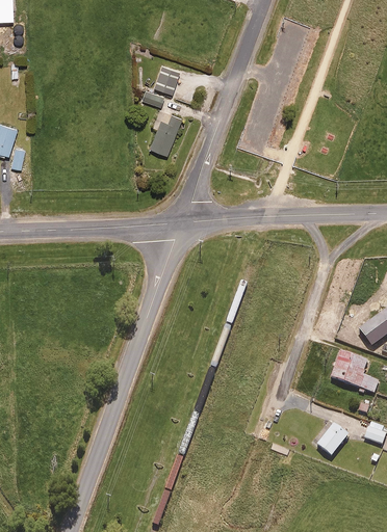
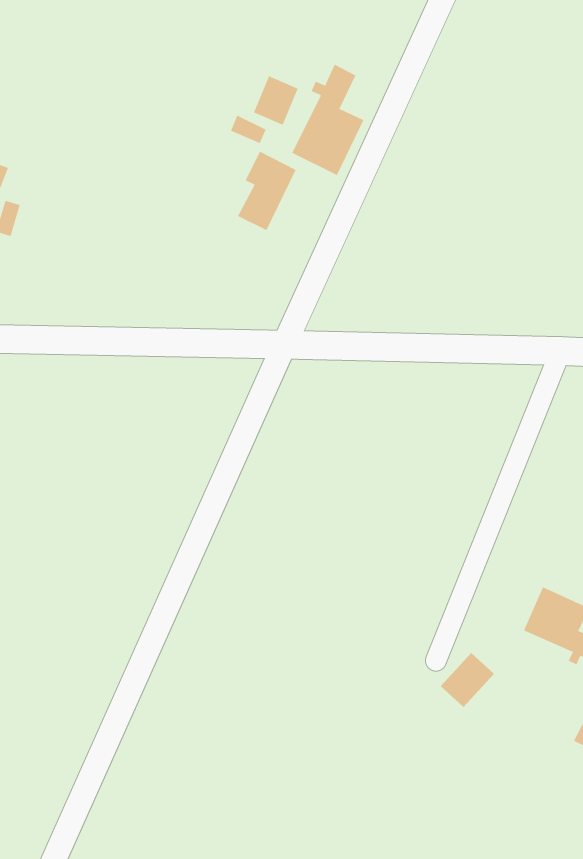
building: none -> [292,64,364,176]
building: [317,422,349,454] -> [440,652,495,708]

